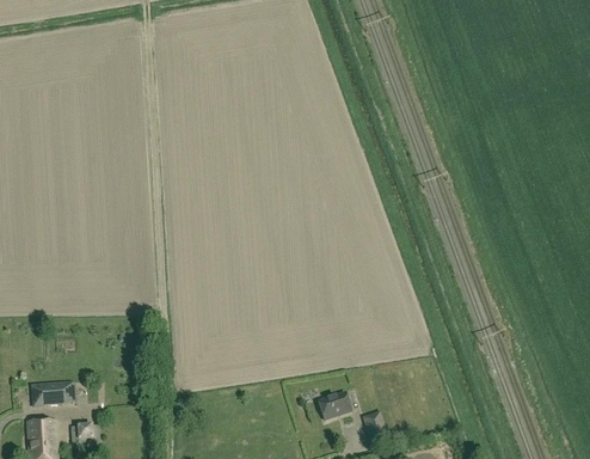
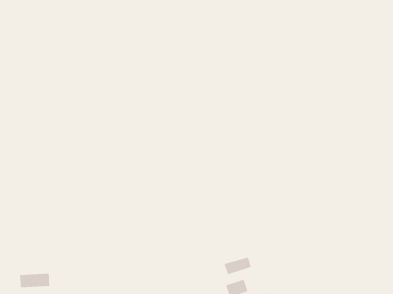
building: none -> [224,256,252,275]

